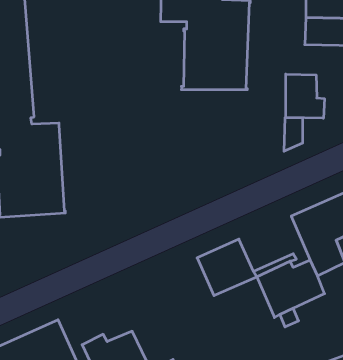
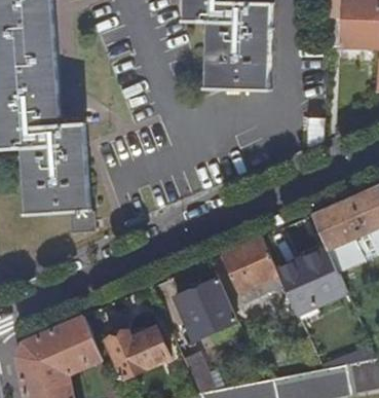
building: [286,74,324,118] -> none
building: none -> [175,279,235,338]

